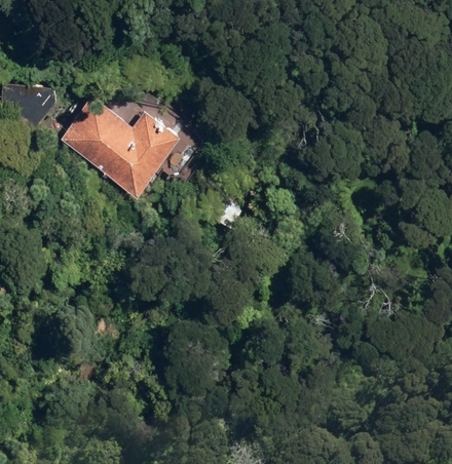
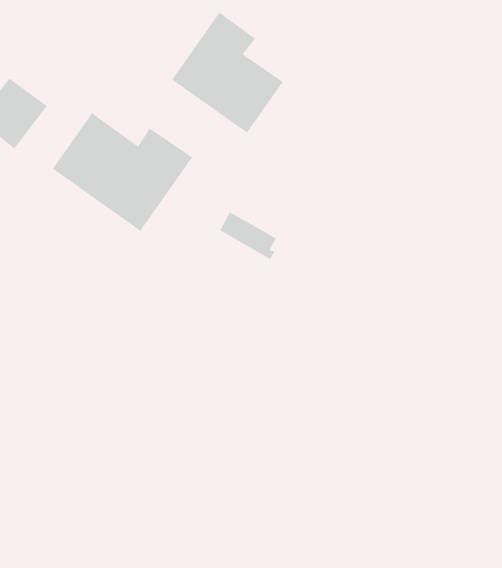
building: none -> [171,12,284,134]

